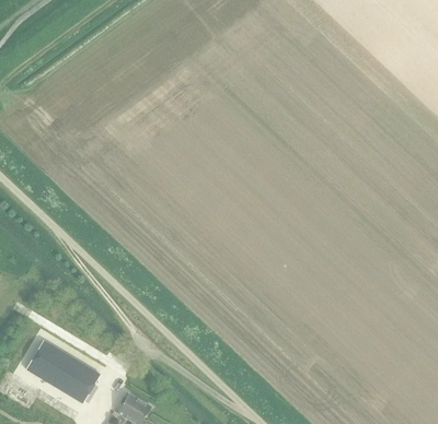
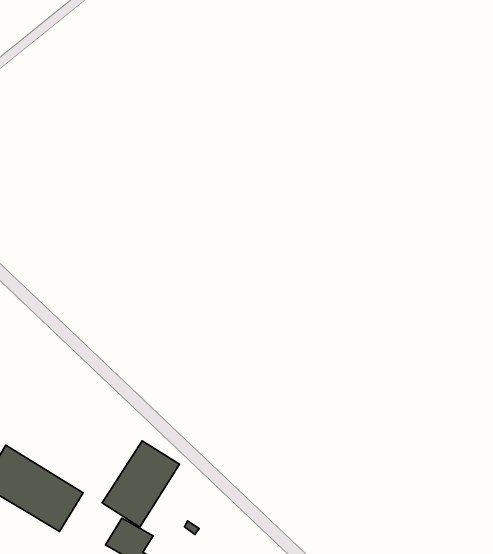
building: none -> [102,441,179,527]

